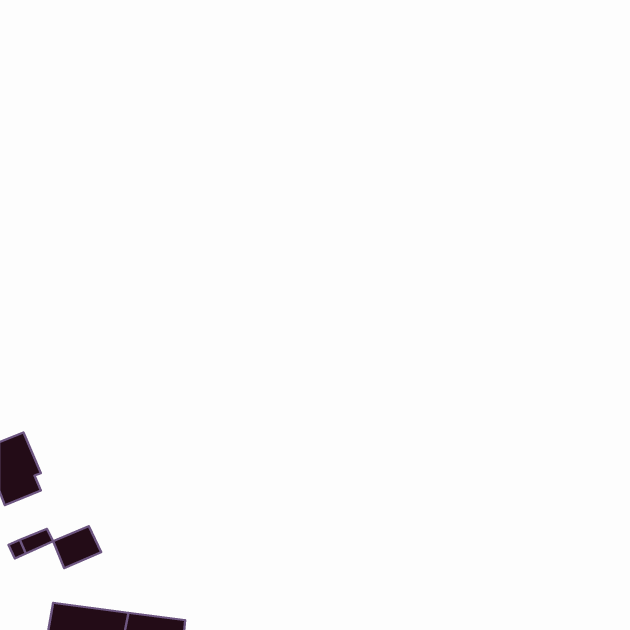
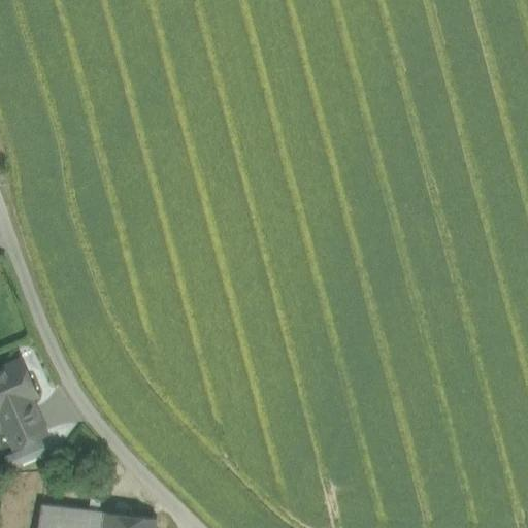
building: [53,526,101,568] -> [4,410,44,446]

